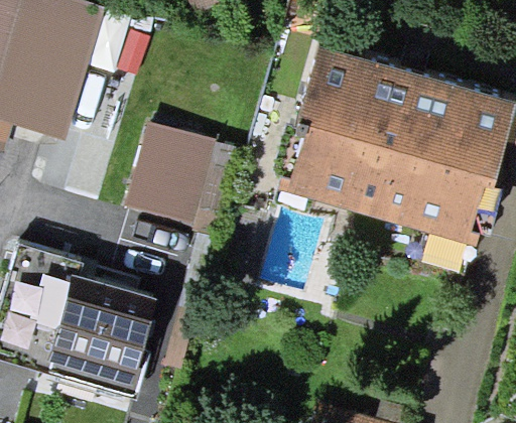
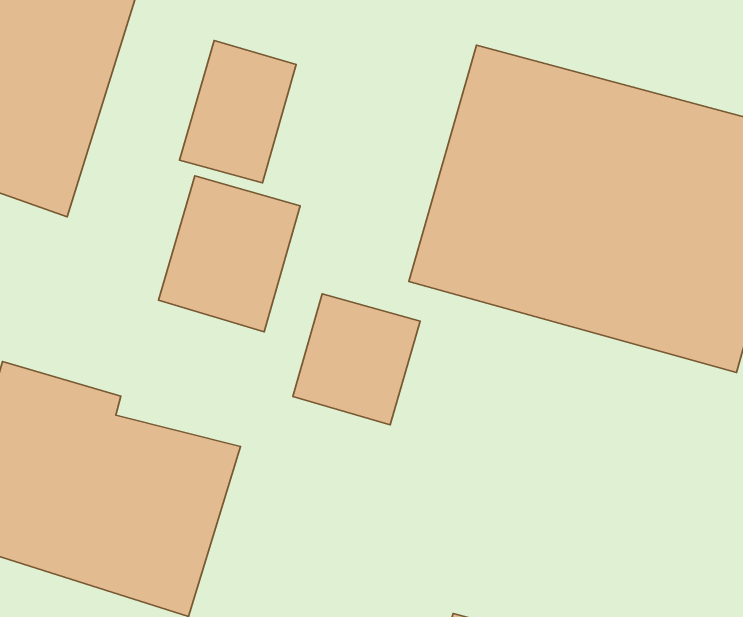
building: none -> [180,40,296,183]
building: none -> [293,294,420,425]

